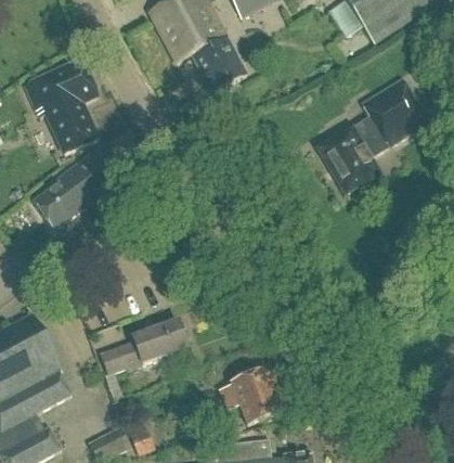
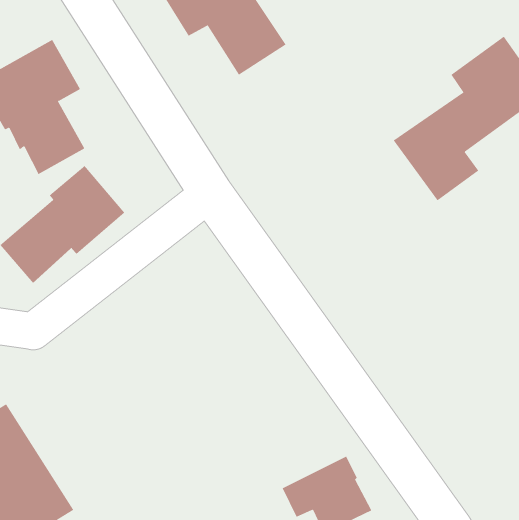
building: [100,321,187,373] -> none

